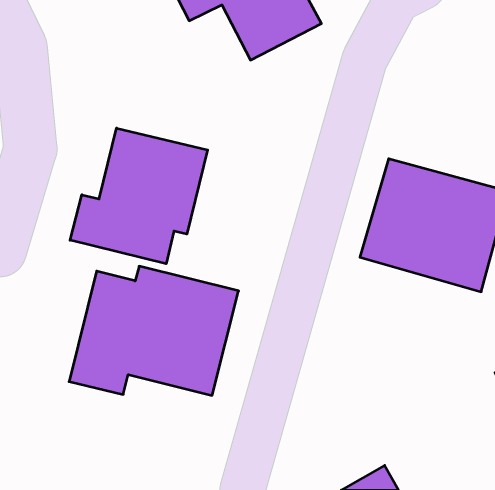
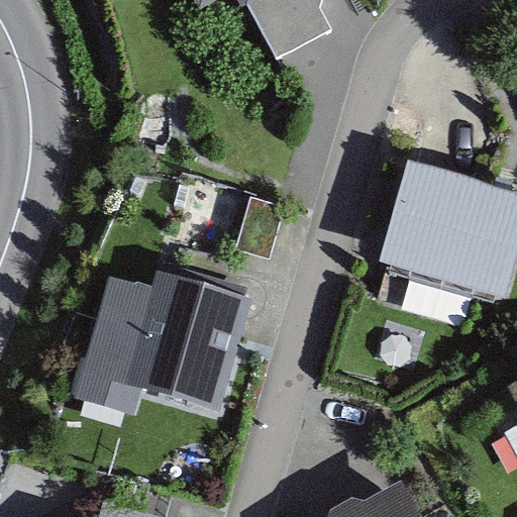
building: [70,128,208,264] -> none

